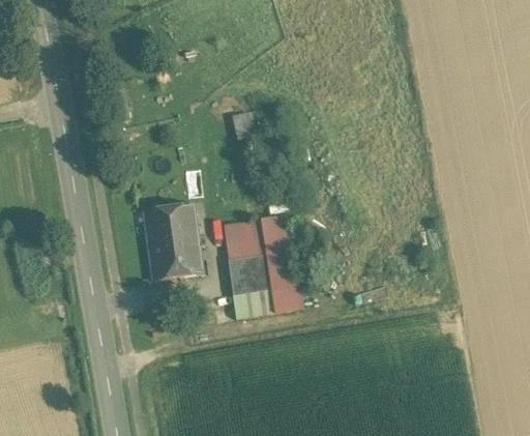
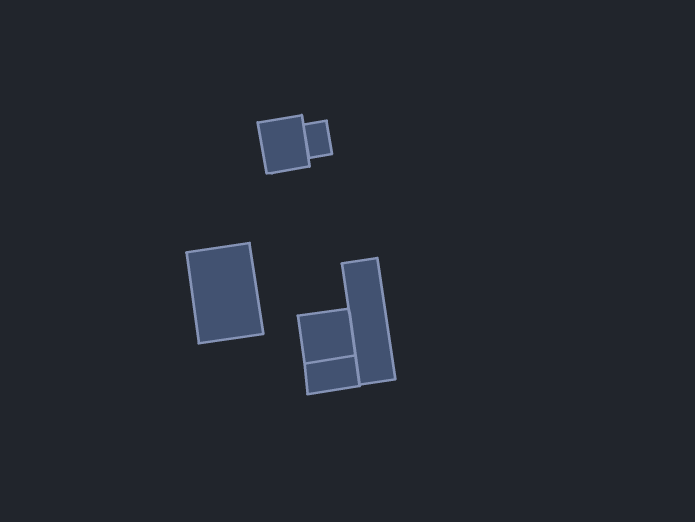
building: none -> [258,115,309,173]
building: [223,220,266,259] -> none

